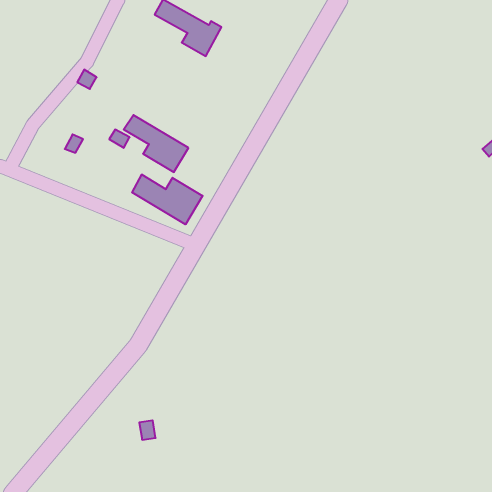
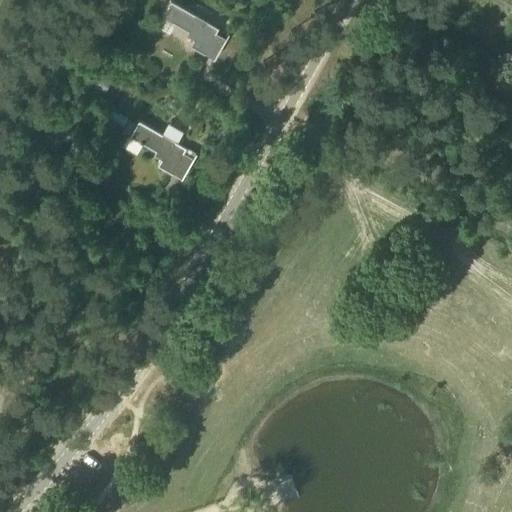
building: [132,174,203,224] -> none

